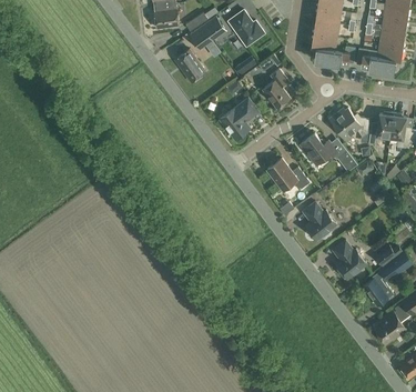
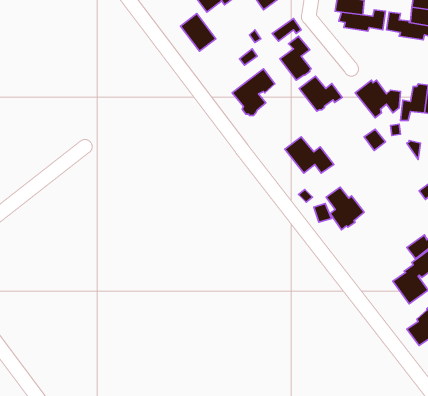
building: [300,133,337,164] -> [299,76,342,111]
building: [333,240,366,279] -> none

